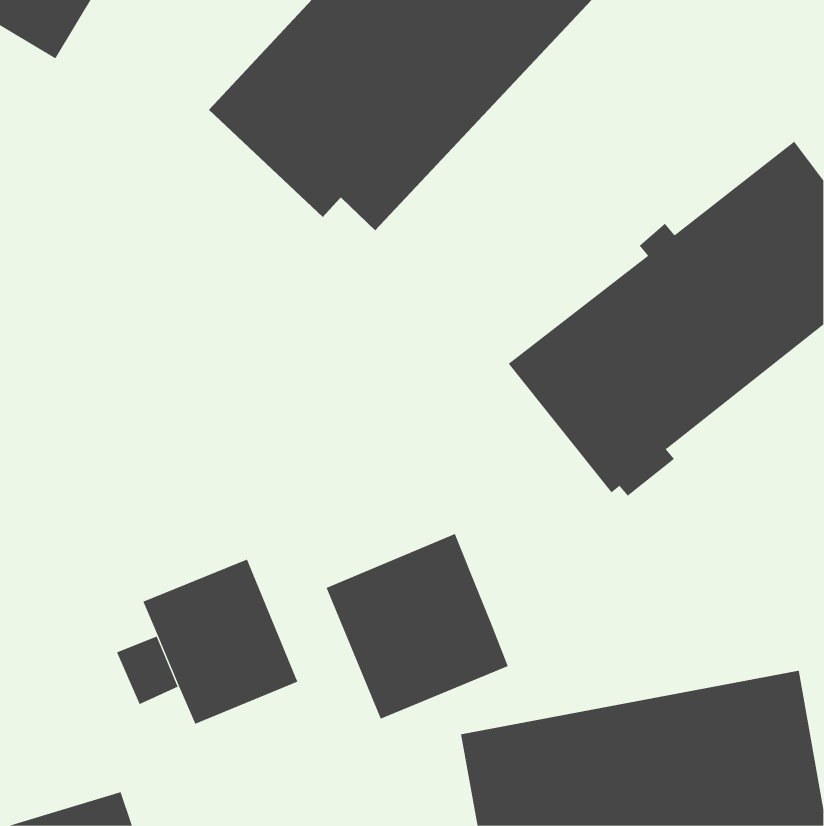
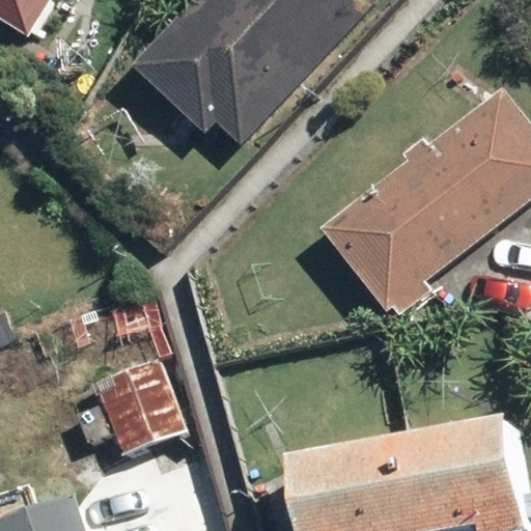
building: [326,533,508,720] -> none

